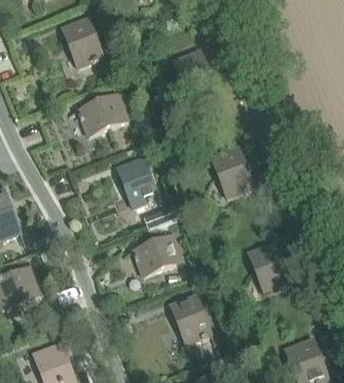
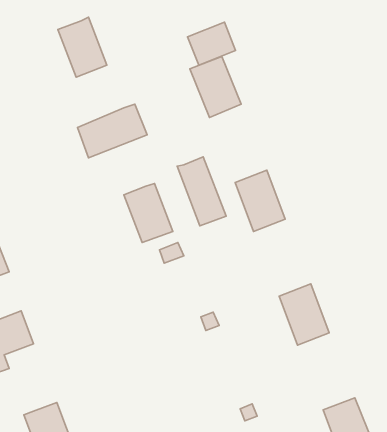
building: none -> [188,22,236,65]
building: none -> [177,157,226,226]
building: [132,234,181,276] -> none
building: [169,293,210,344] -> none

